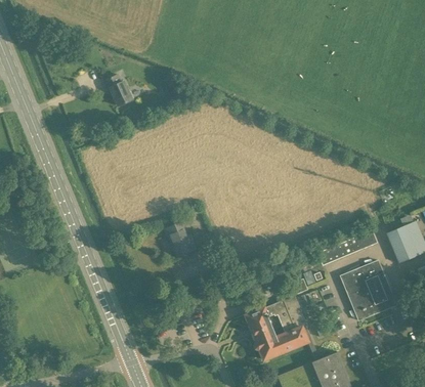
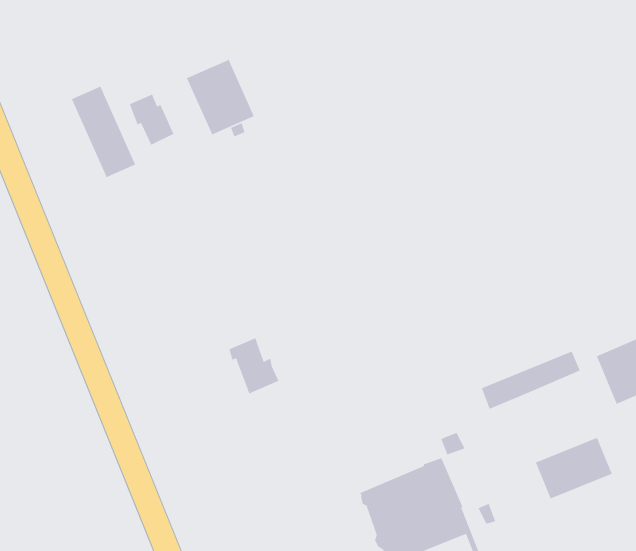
building: none -> [186,59,255,136]
building: none -> [71,86,136,178]
building: [339,259,386,297] -> none

